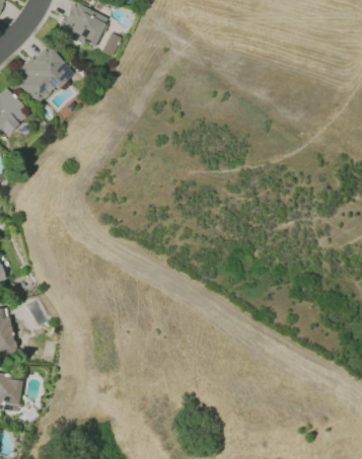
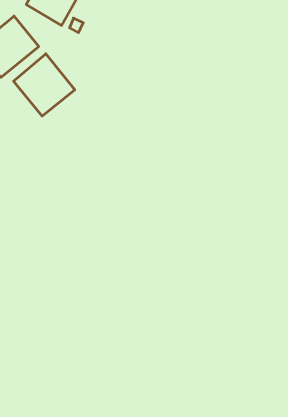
building: none -> [14,54,75,116]

